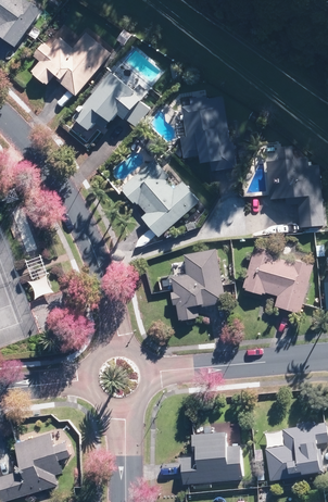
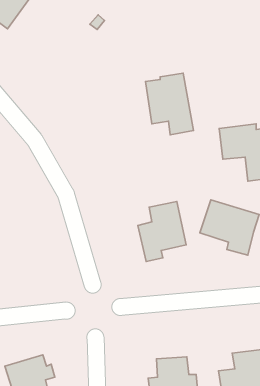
building: [33,29,111,98] -> none
building: [76,72,149,136] -> none
building: [118,160,192,236] -> none

